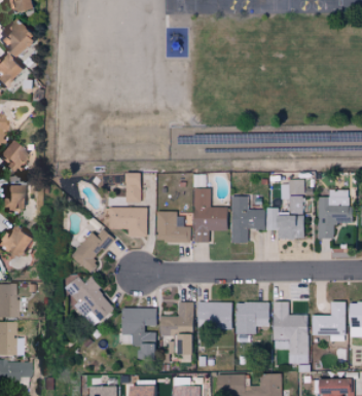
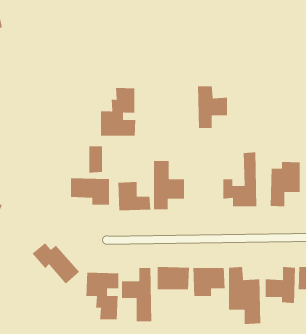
building: none -> [100,87,136,136]
building: [233,196,266,243] -> [197,85,228,129]
building: [73,230,116,271] -> none

